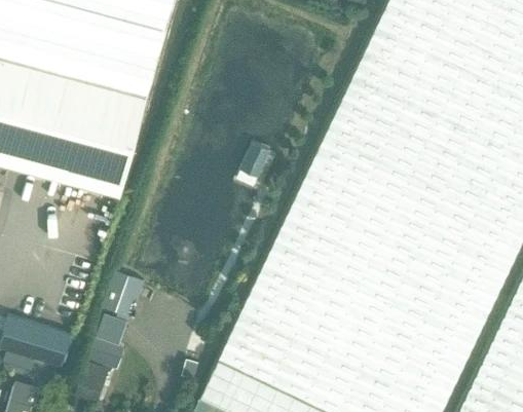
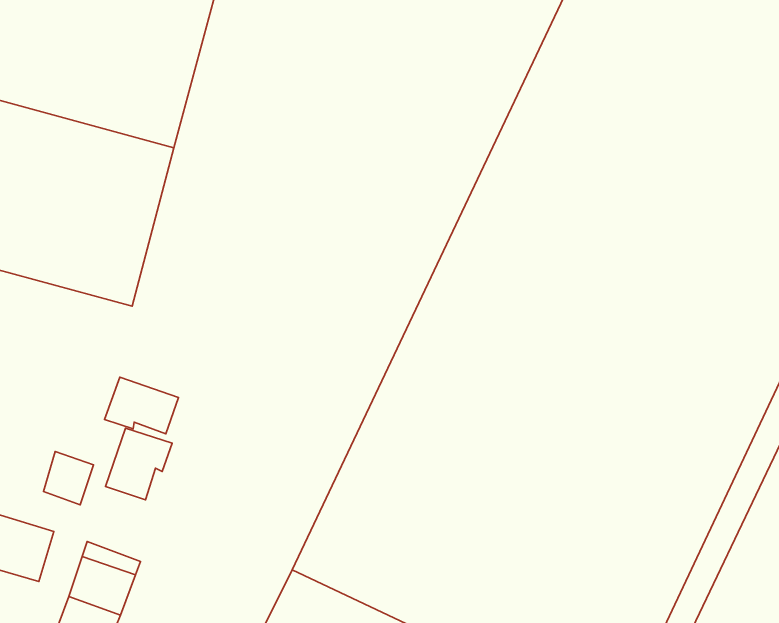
building: [240,144,269,178] -> none
building: none -> [104,377,179,434]
building: [97,313,127,346] -> [43,452,93,505]

